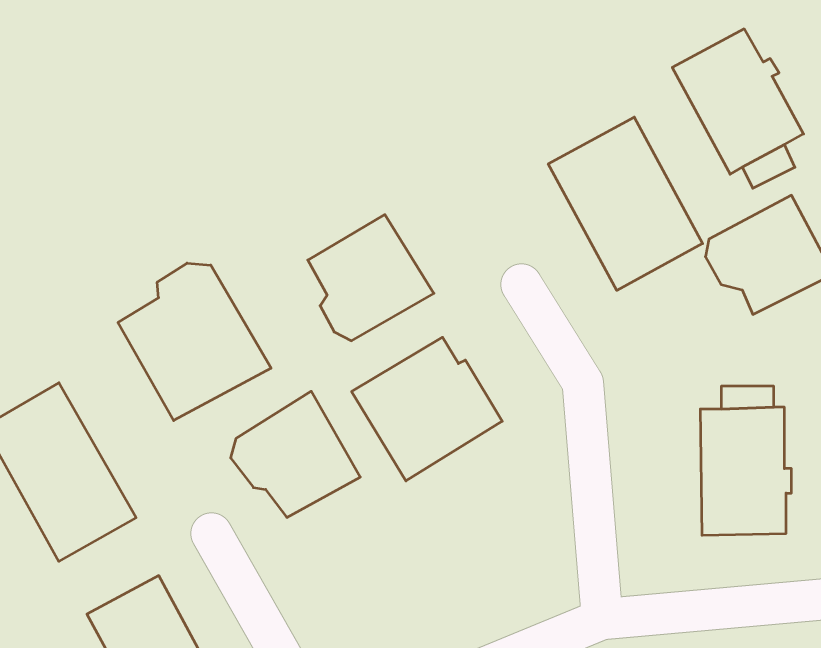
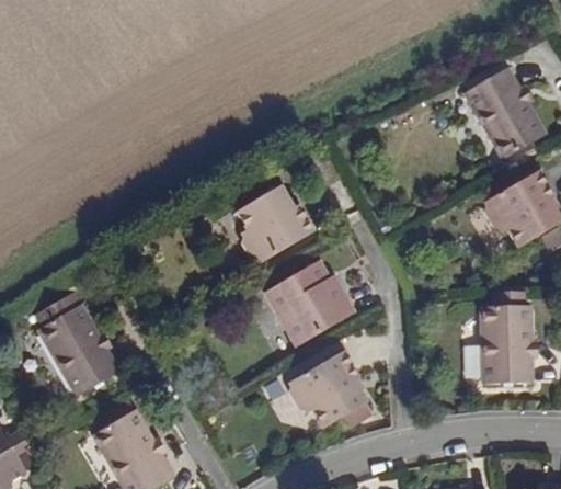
building: [548,117,703,290] -> none
building: [118,263,271,421] -> none
building: [231,391,360,517] -> [286,349,367,428]

